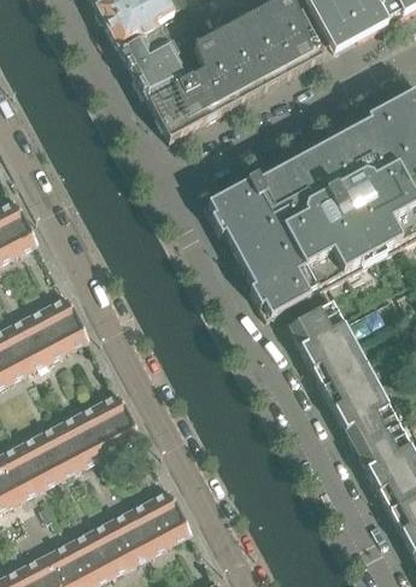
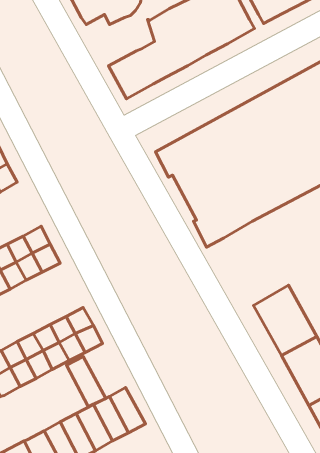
building: [123,37,189,99] -> none
building: [288,286,367,387] -> none
building: none -> [66,356,106,407]

